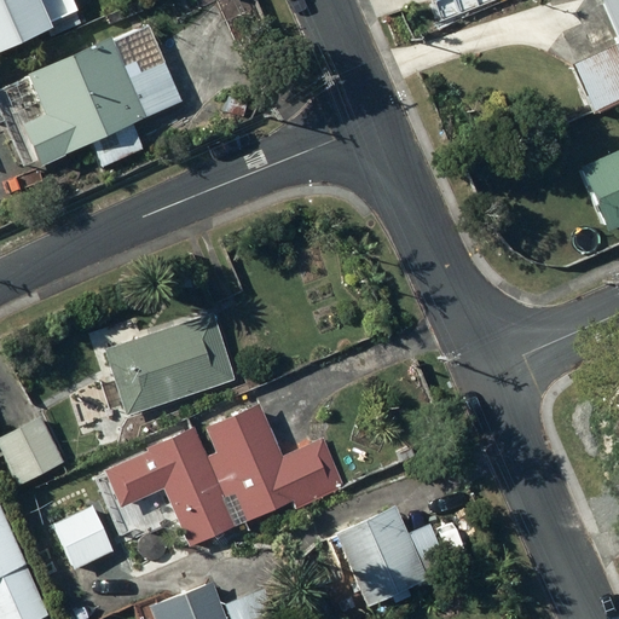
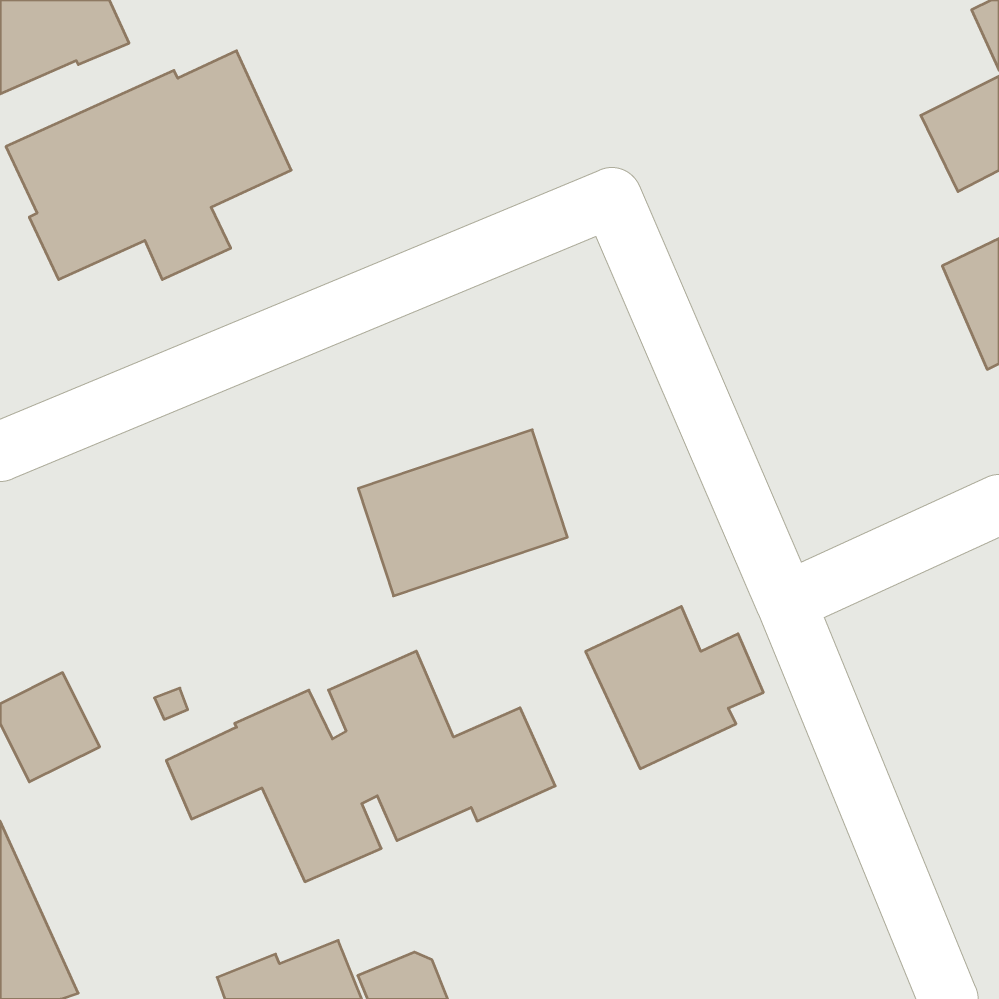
building: [104,312,233,415] -> [358,430,567,596]
building: [52,505,110,567] -> none
building: [334,505,444,606] -> [586,606,763,769]

